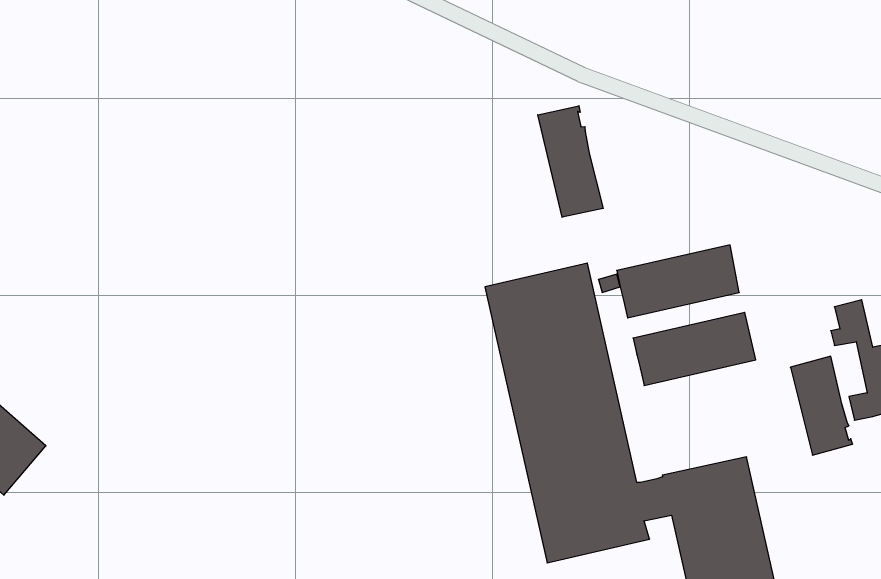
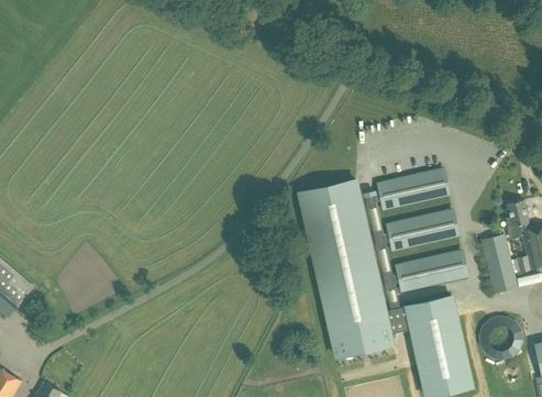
building: [538,106,603,217] -> none
building: none -> [395,250,468,293]
building: none -> [478,316,522,361]

